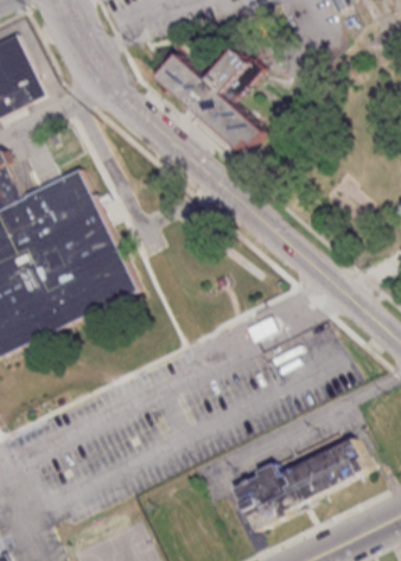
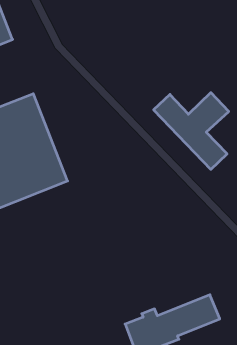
building: [154,45,263,154] -> [154,93,229,169]

